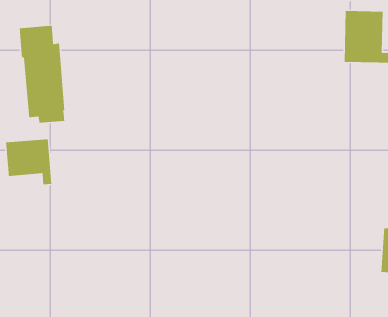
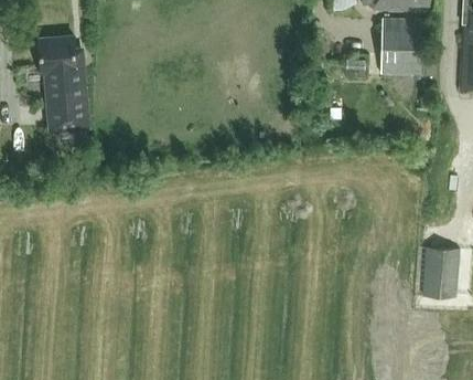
building: [5,139,52,185] -> none

